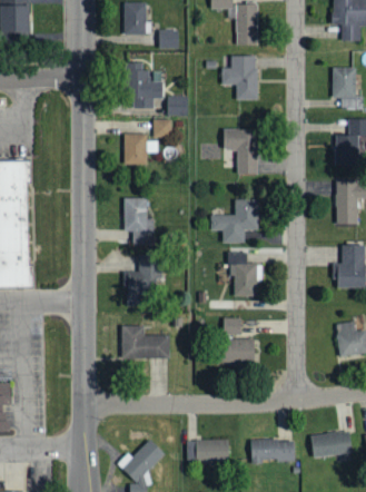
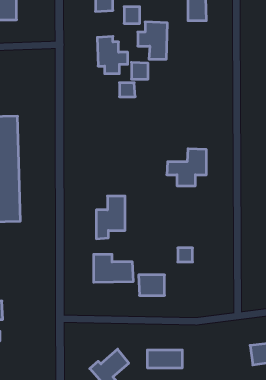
building: [222,55,258,99] -> [138,22,167,59]
building: [224,128,259,174] -> none
building: [123,132,158,164] -> none
building: [123,197,155,245] -> none
building: [228,248,263,296] -> none
building: [226,338,257,363] -> [139,275,165,295]
building: [250,437,295,462] -> none

